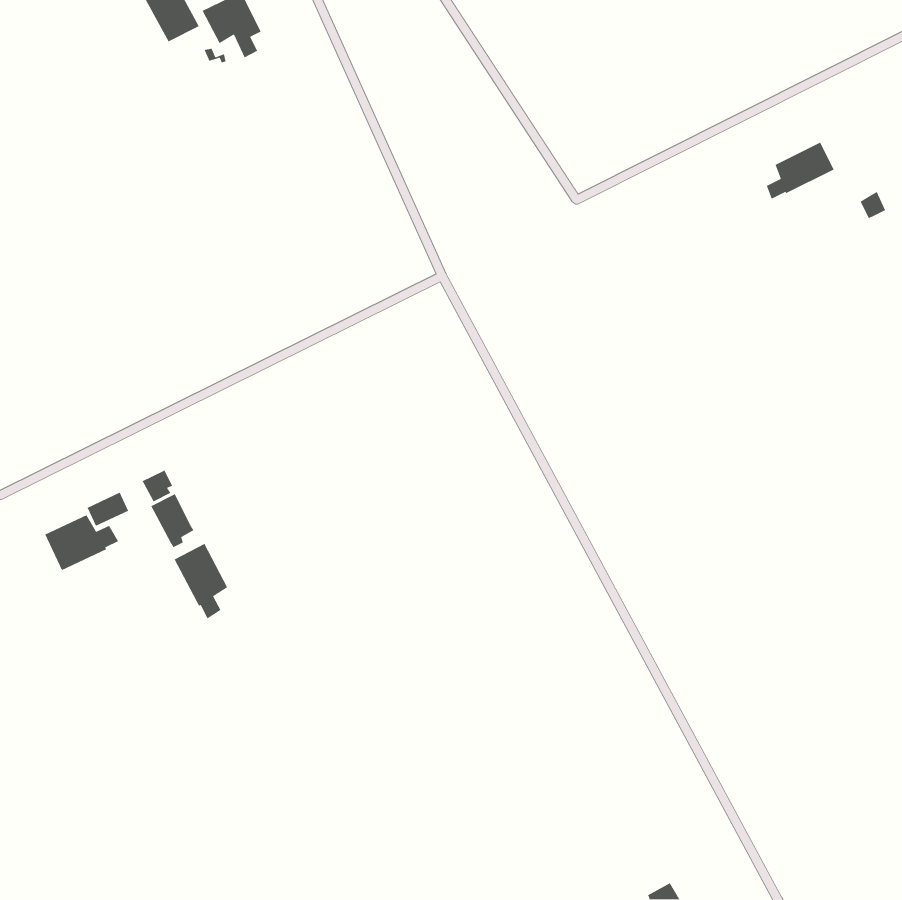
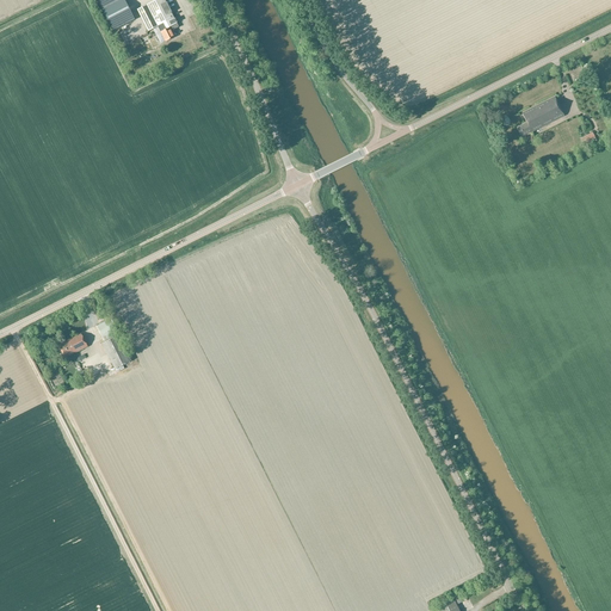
building: [44,514,119,571] -> none
building: [174,543,228,619] -> none

